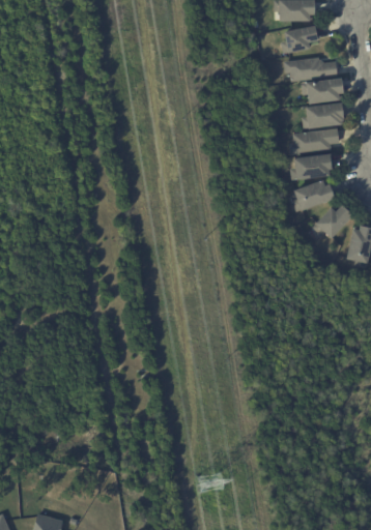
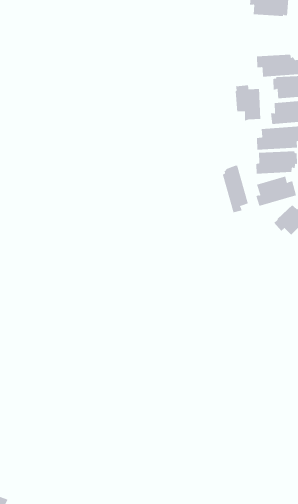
building: [282,25,317,53] -> none
building: none -> [235,84,261,121]
building: none -> [222,165,249,213]

